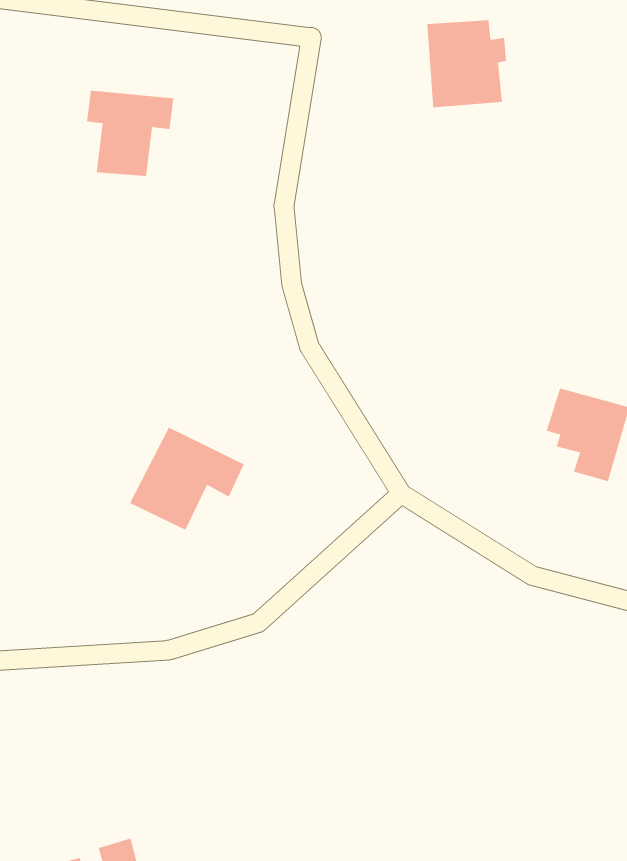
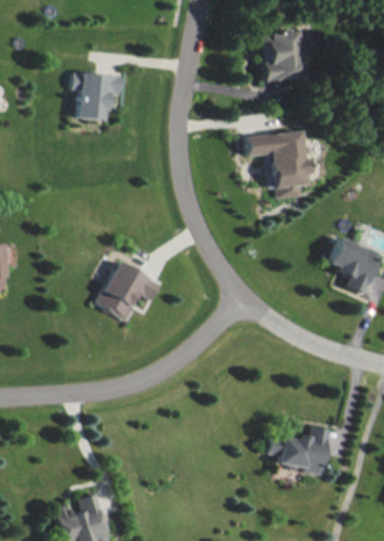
building: none -> [247,131,311,199]
building: none -> [270,427,329,475]

